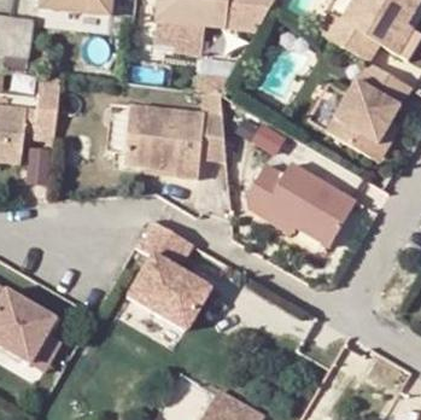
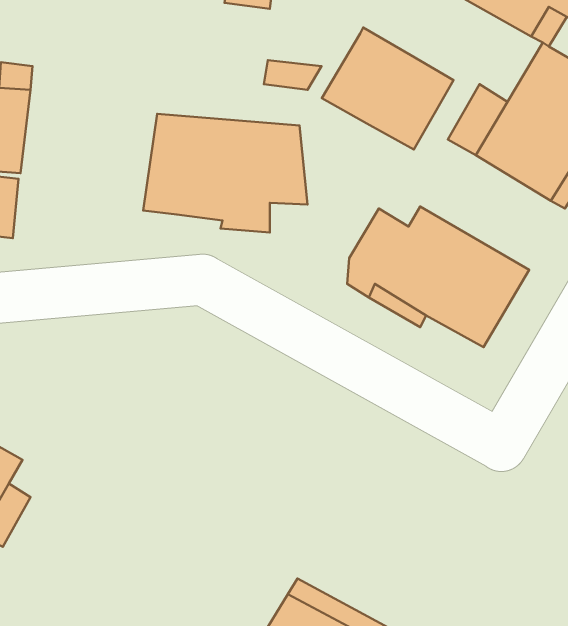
building: none -> [322,28,454,150]
building: [128,220,207,329] -> none

